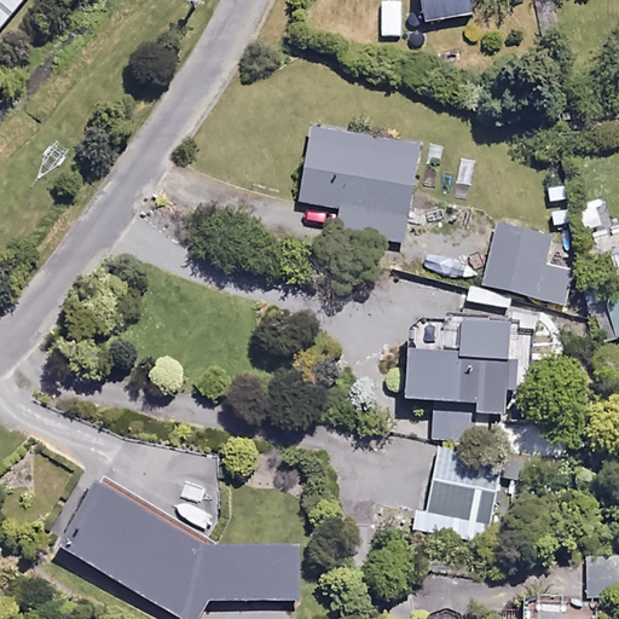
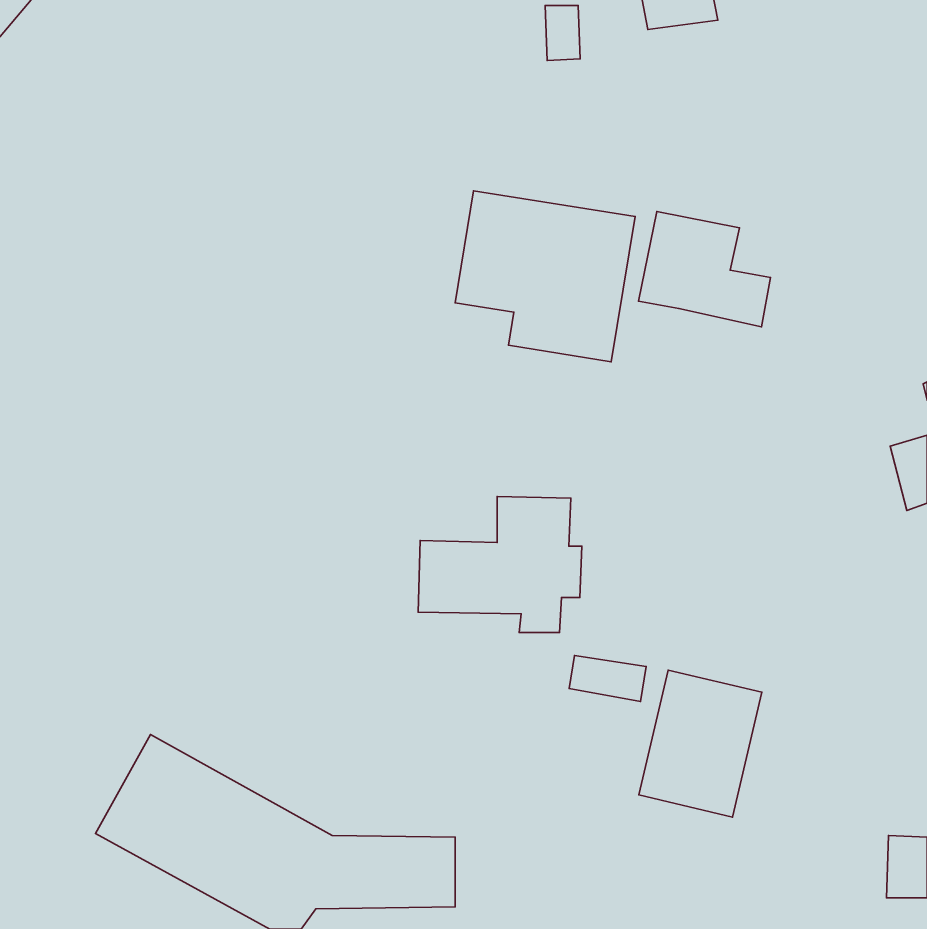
building: [481,222,568,299] -> [638,211,771,327]
building: [412,324,520,413] -> [418,496,582,632]

